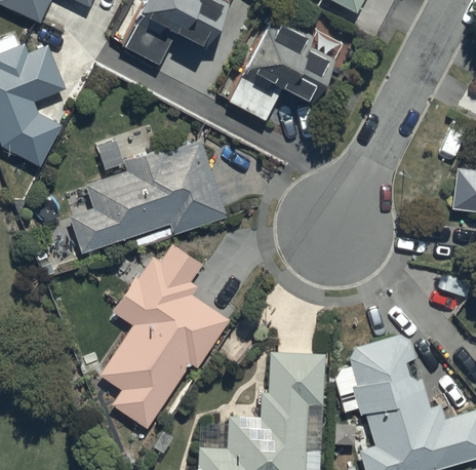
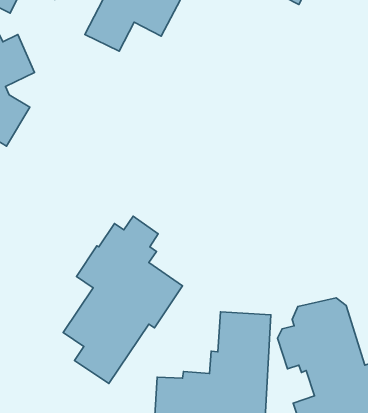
building: [229,14,344,120] -> none
building: [70,136,229,252] -> none

